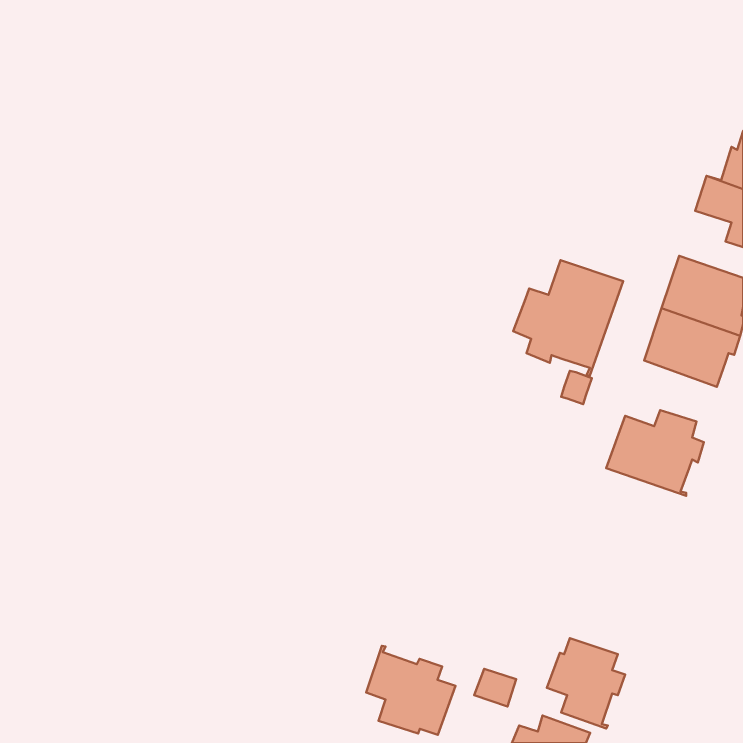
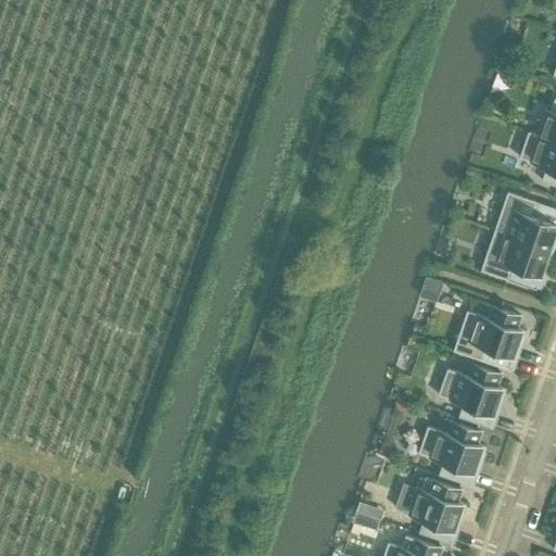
building: [513,260,623,377] -> none
building: none -> [439,364,506,428]
building: none -> [418,421,486,486]
building: [366,646,456,735] -> none

